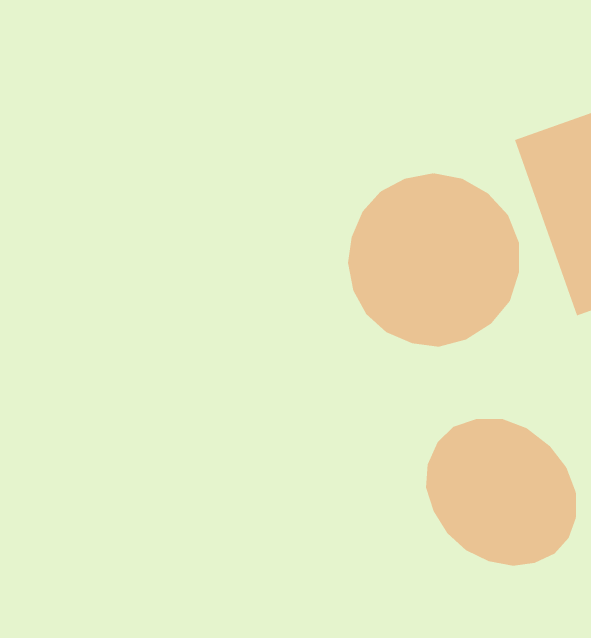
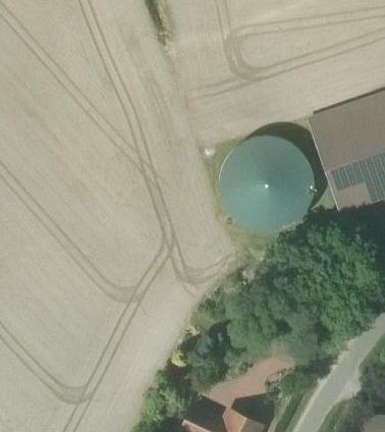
building: [425,418,576,567] -> none

